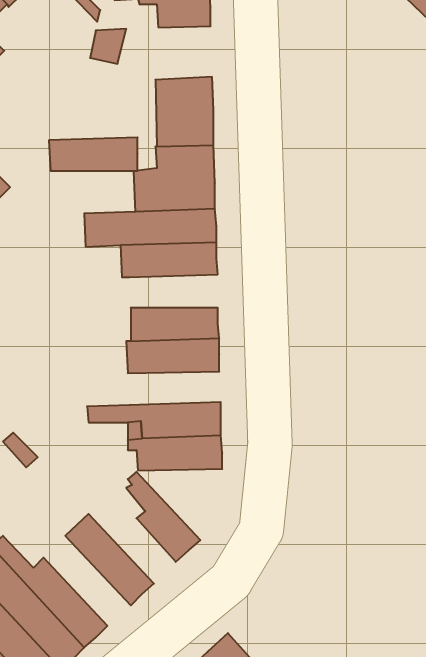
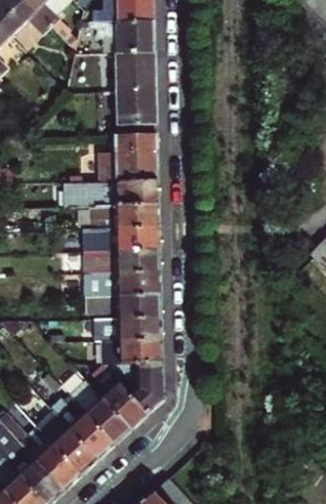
building: none -> [113,52,154,90]
building: [49,137,138,171] -> [95,227,158,251]
building: none -> [94,296,160,320]
building: none -> [99,365,162,415]
building: none -> [67,382,128,446]
building: none -> [29,395,96,475]

